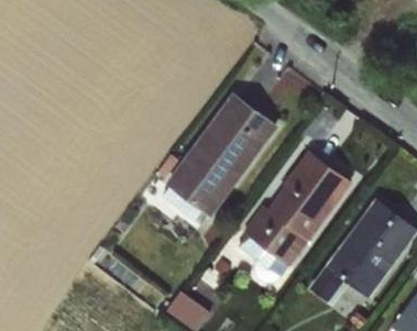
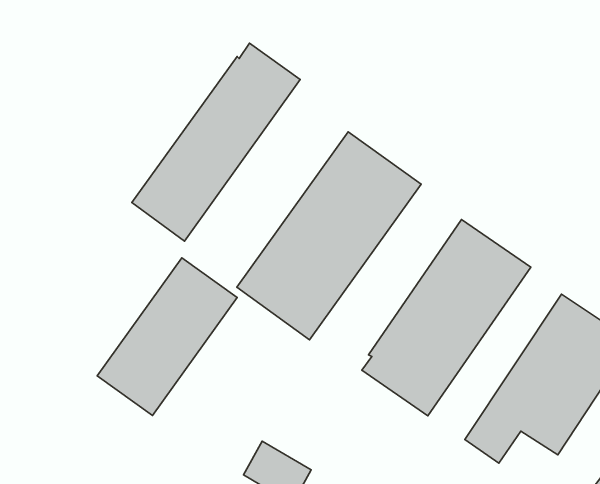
building: none -> [132,43,300,241]
building: none -> [97,258,237,416]

